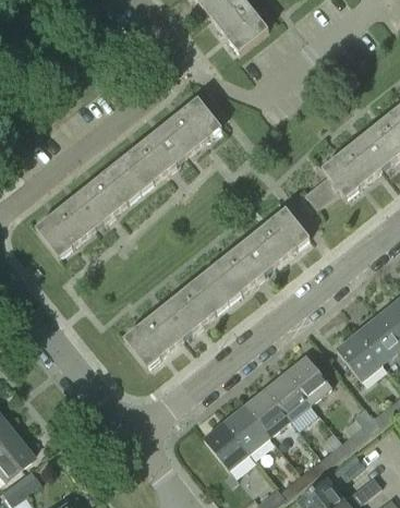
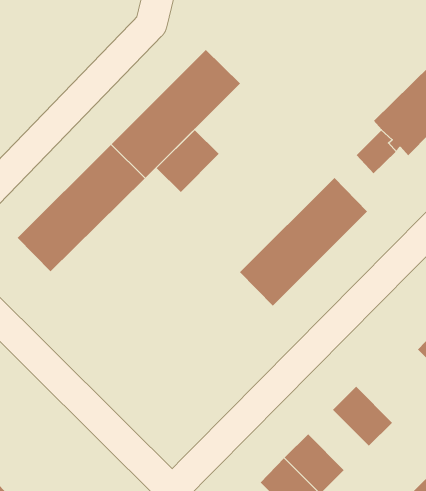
building: none -> [156,129,219,193]
building: [123,274,228,367] -> none
building: [286,355,331,403] -> none
building: [244,388,290,436] -> none

